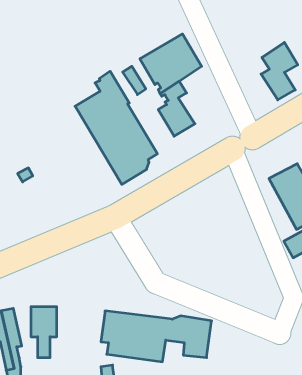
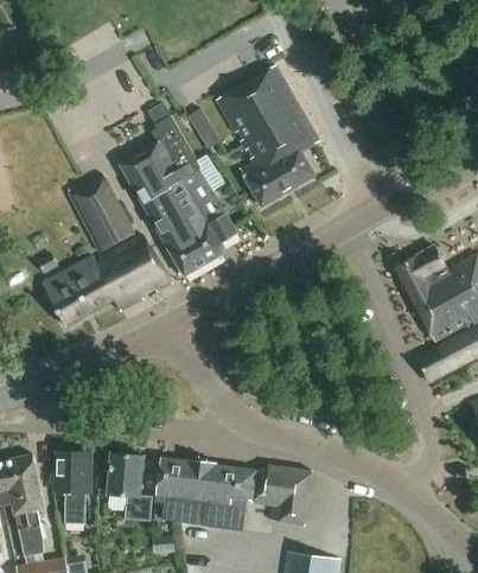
building: [261,42,298,100] -> [267,109,319,191]
building: none -> [44,174,173,326]
building: none -> [110,454,153,520]

